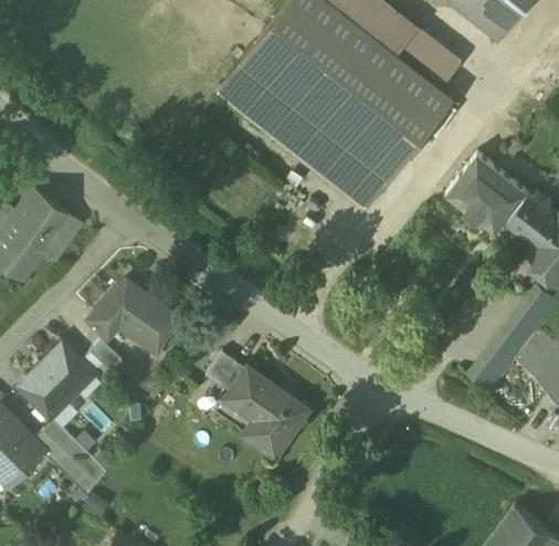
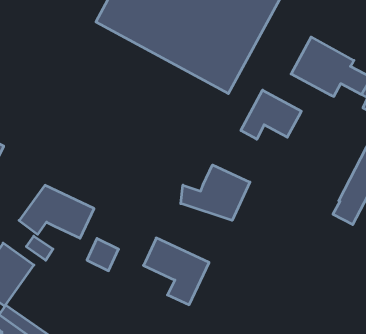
building: none -> [241,90,301,139]
building: none -> [181,165,250,220]
building: [207,353,247,395] -> [87,238,119,271]

